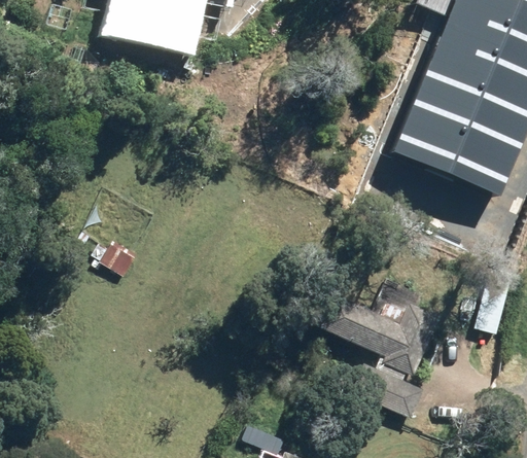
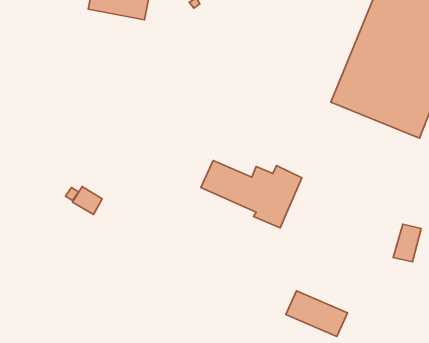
building: [316,300,434,379] -> [201,160,302,228]

